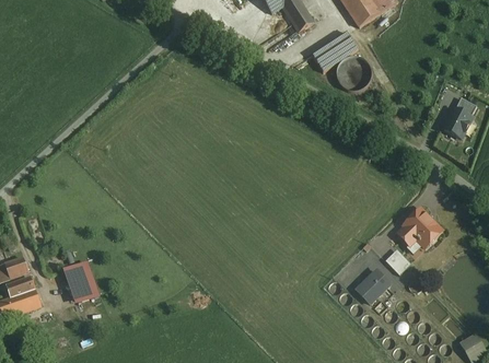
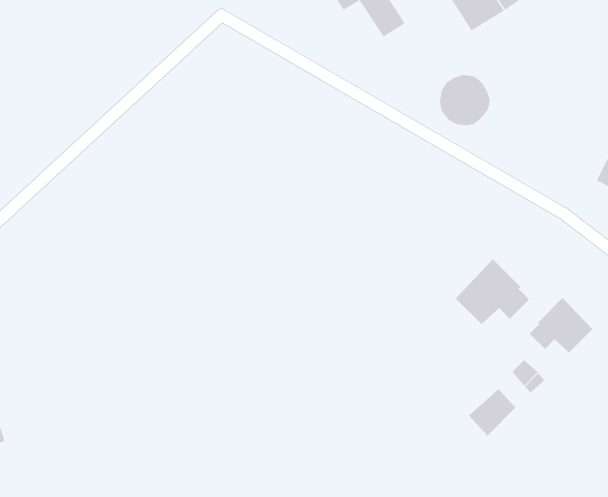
building: [311,32,358,71] -> none
building: none -> [455,259,530,325]
building: [66,261,98,301] -> none

